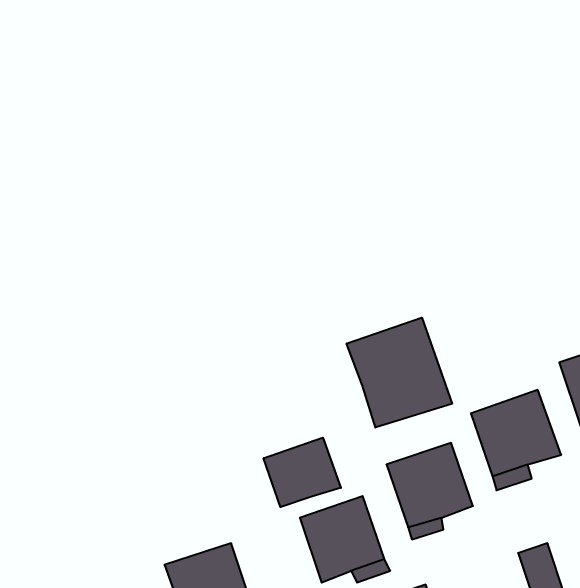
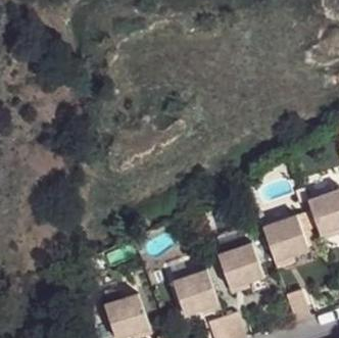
building: [347,318,452,428] -> none
building: [264,438,341,507] -> none

